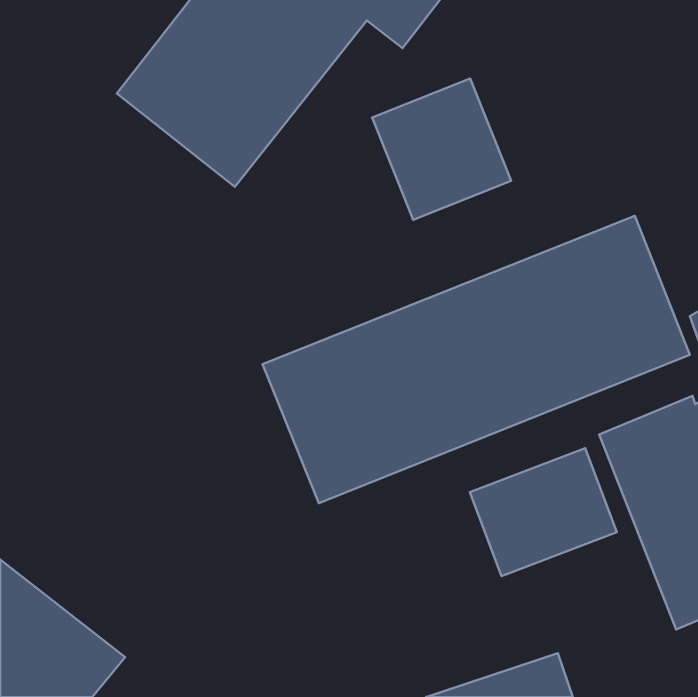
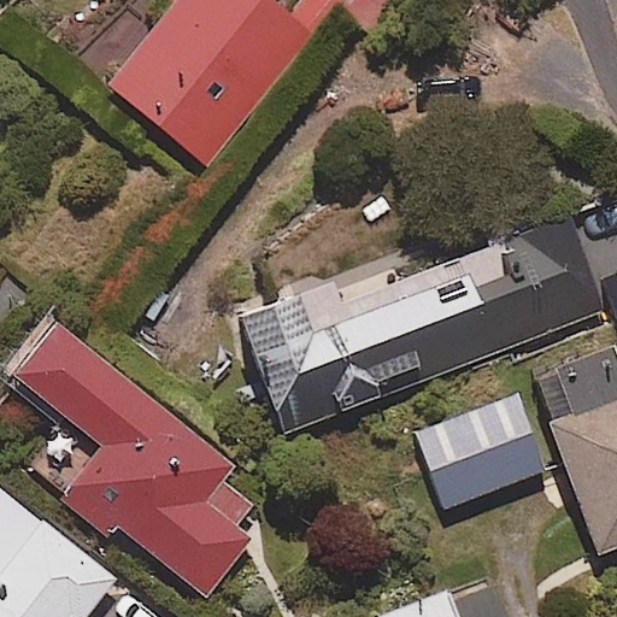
building: [372,78,511,220] -> none
building: none -> [8,322,257,594]

